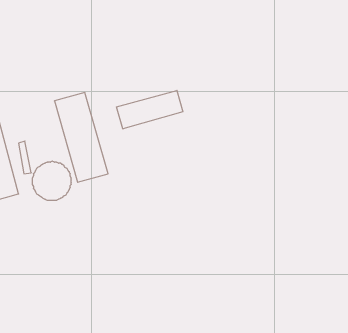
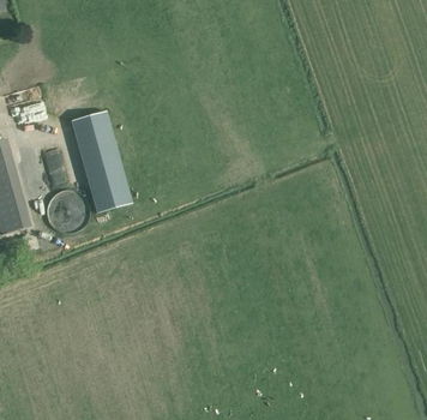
building: [117,90,183,129] -> none

